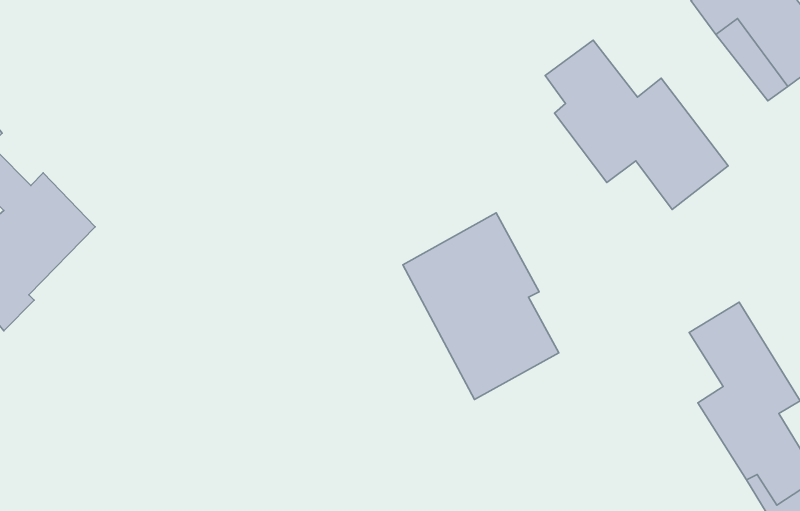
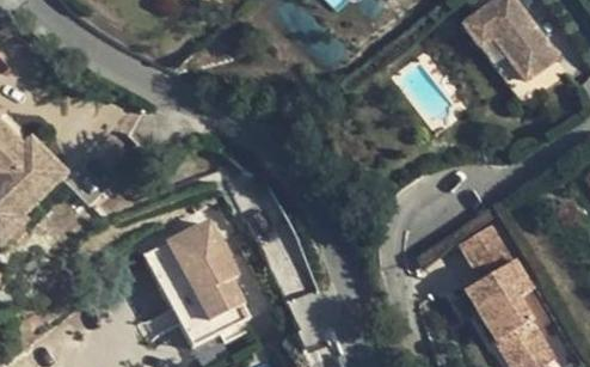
building: [545,40,728,210] -> none
building: [403,213,559,400] -> [140,221,244,345]

